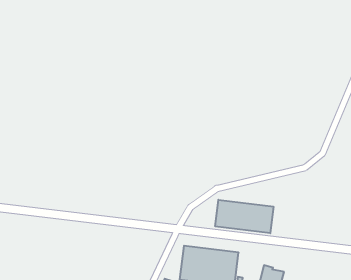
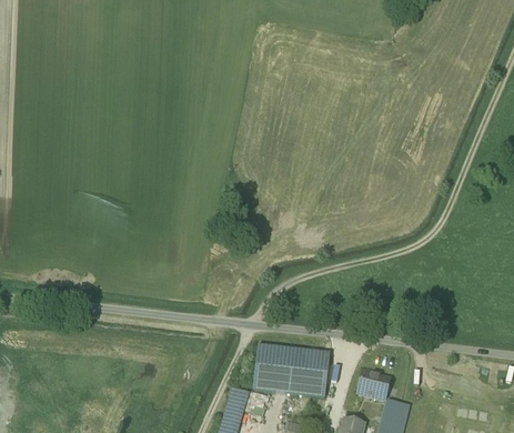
building: [215,200,273,233] -> none

